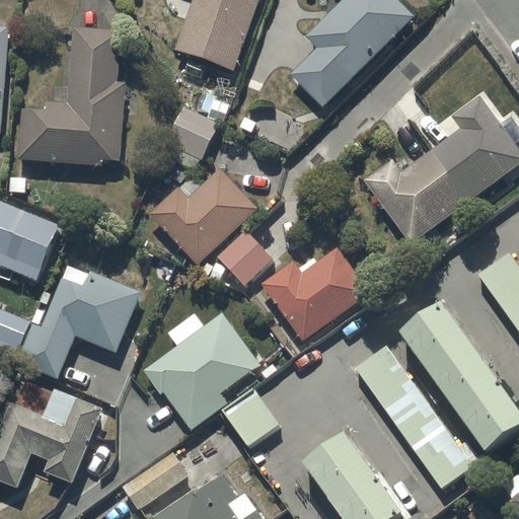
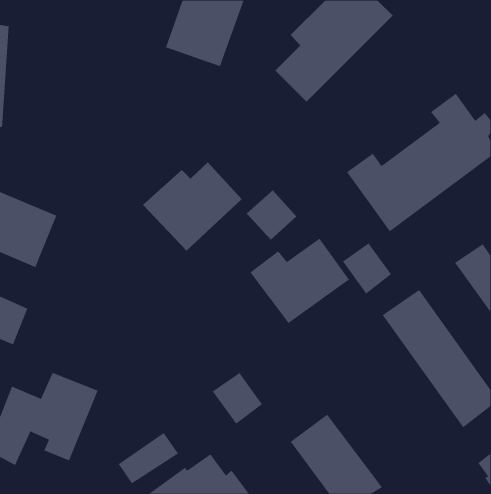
building: [18,29,123,165] -> none
building: [164,108,217,169] -> none
building: [217,232,271,286] -> [246,189,297,241]
building: none -> [342,242,392,294]
building: [16,272,141,380] -> none
building: [144,314,261,429] -> none
building: [355,347,470,488] -> none

